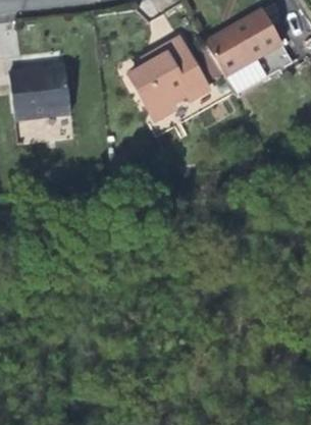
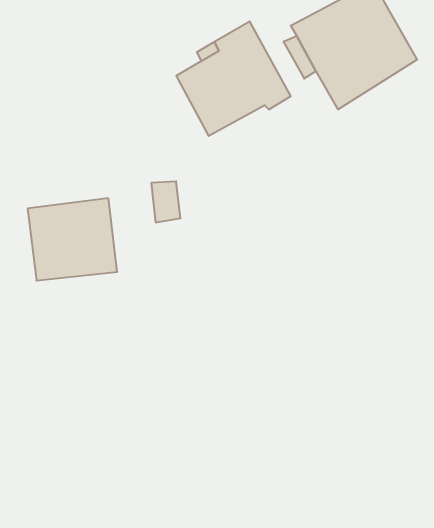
building: [8,62,70,119] -> [28,198,117,281]

